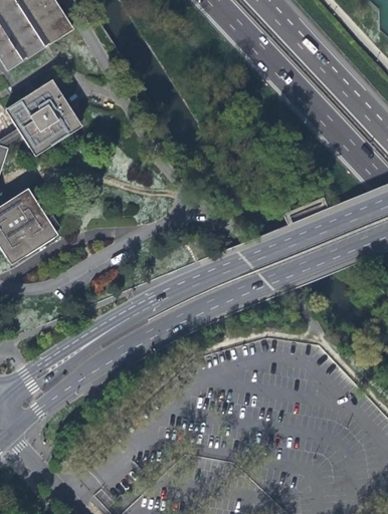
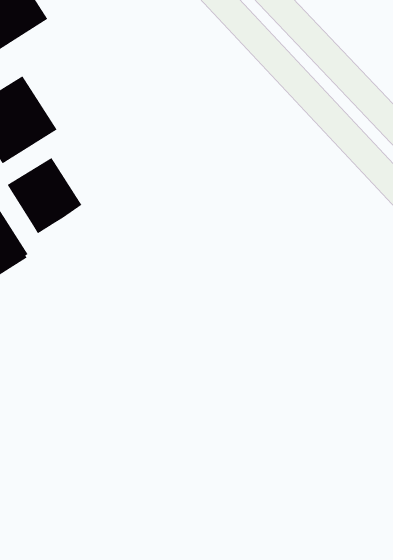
building: none -> [7,157,82,234]

